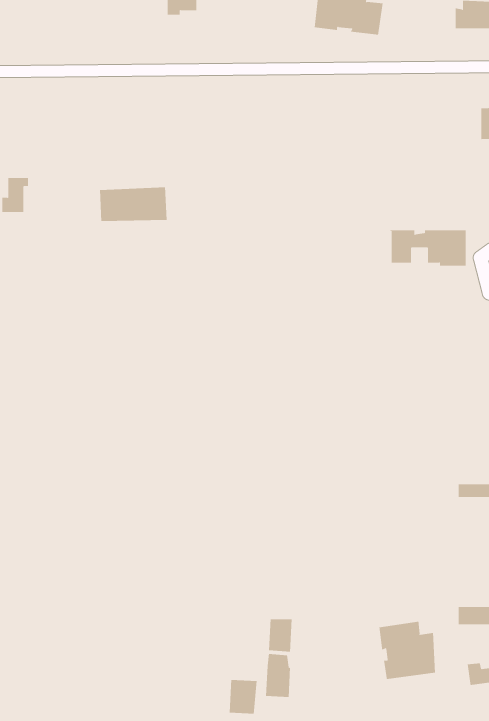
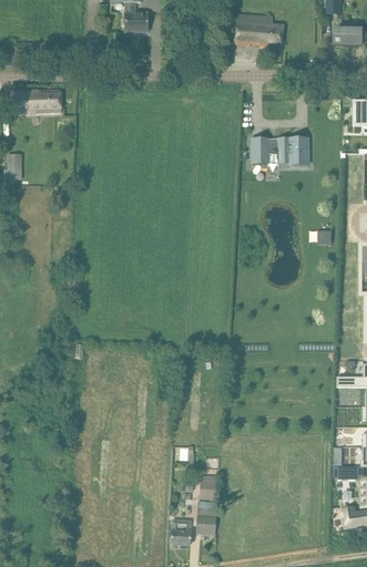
building: [99,187,167,222] -> [11,87,61,113]
building: [389,230,467,266] -> [251,137,307,164]
building: [379,621,436,680] -> none

